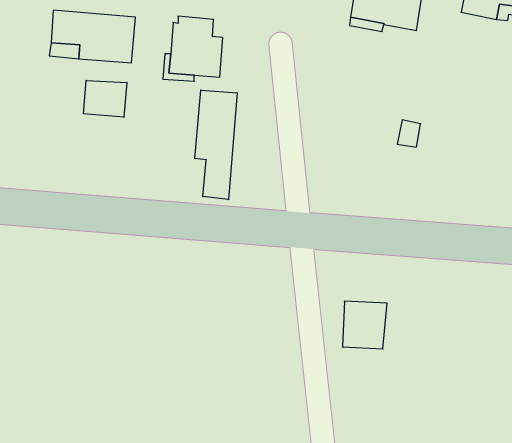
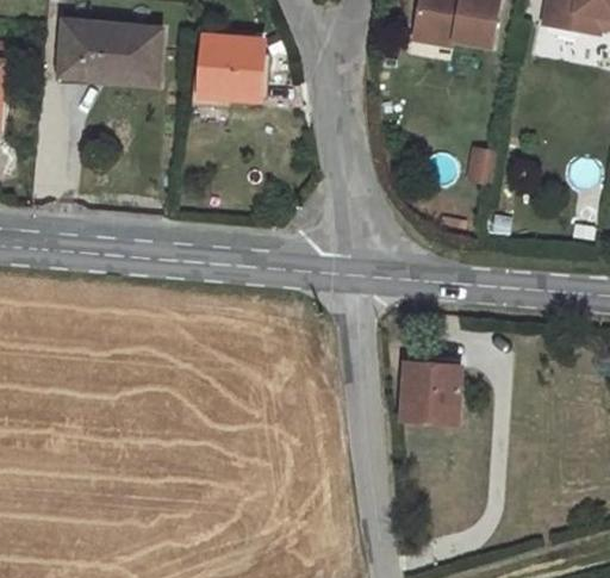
building: [83,80,127,117] -> none
building: [195,90,237,200] -> none

